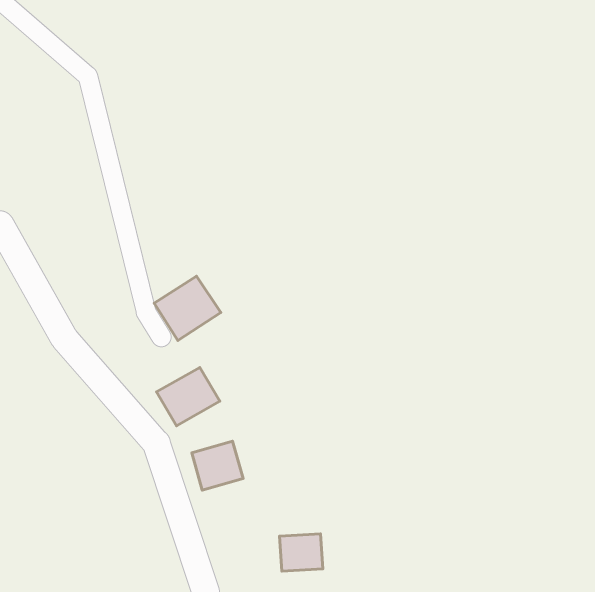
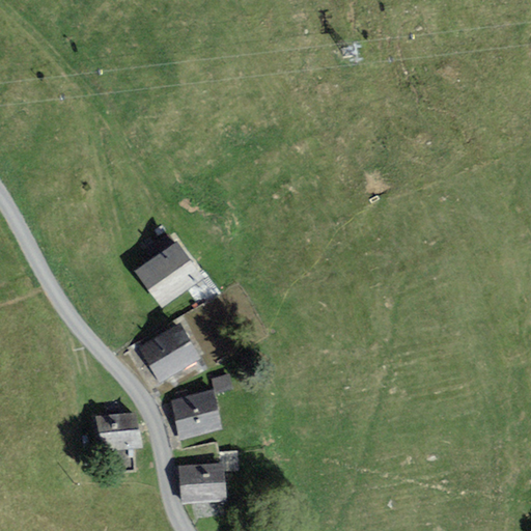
building: none -> [99,413,136,446]
building: [280,534,323,571] -> [183,465,221,498]

